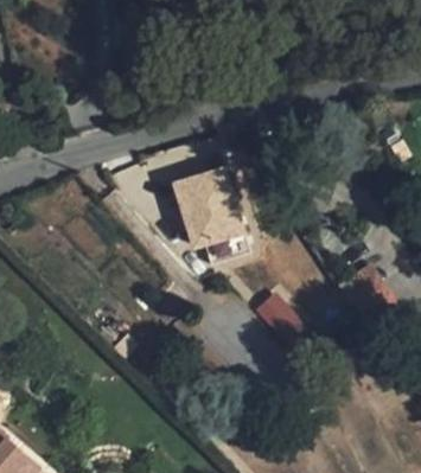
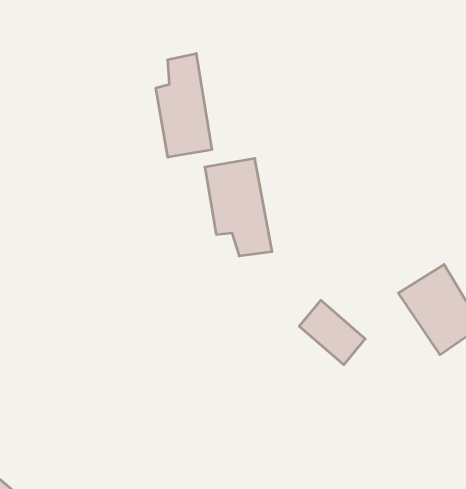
building: none -> [156,53,212,157]

